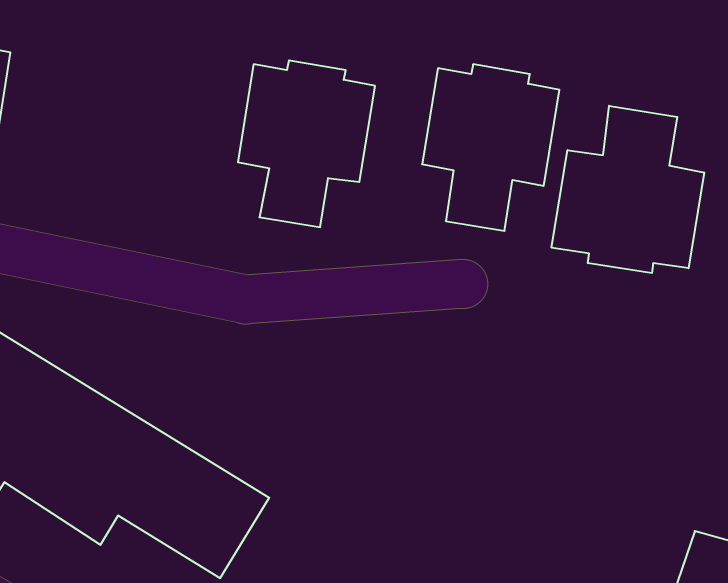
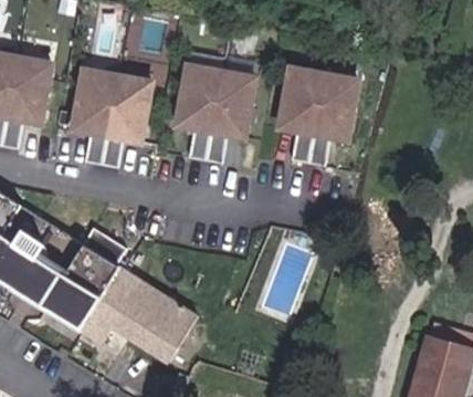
building: none -> [75,69,153,163]
building: [552,106,704,273] -> none

